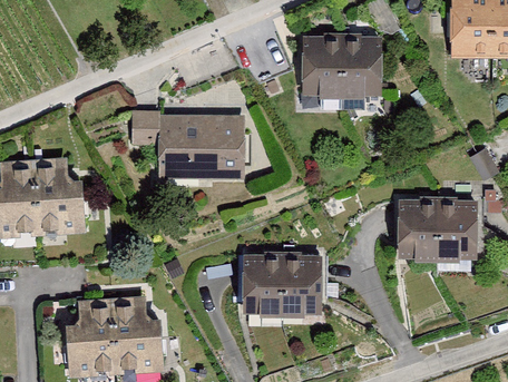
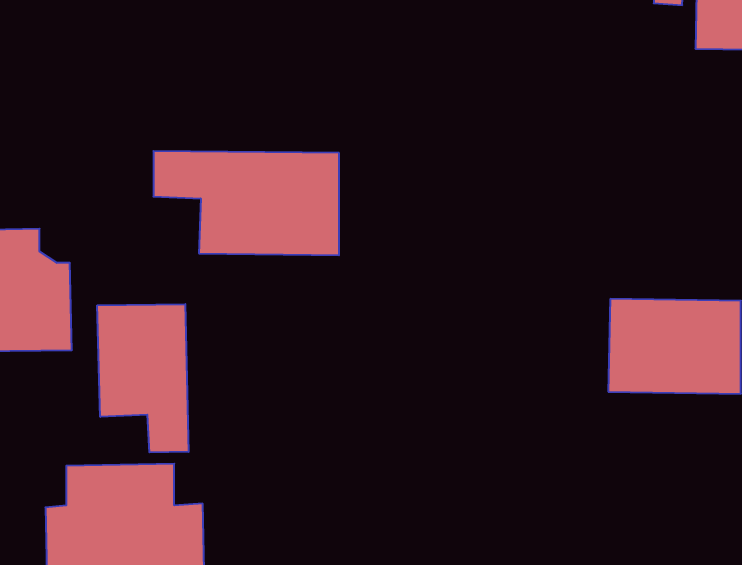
building: [301,36,381,94] -> none
building: none -> [97,304,189,452]
building: [244,256,323,313] -> none

